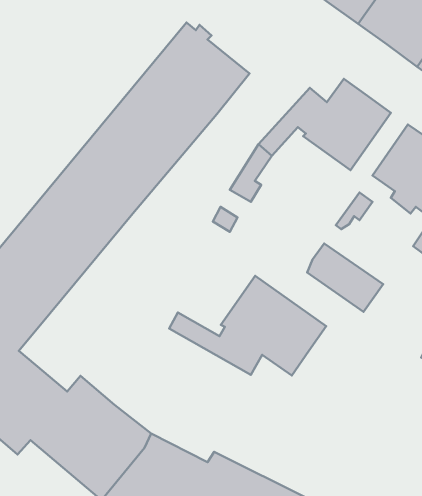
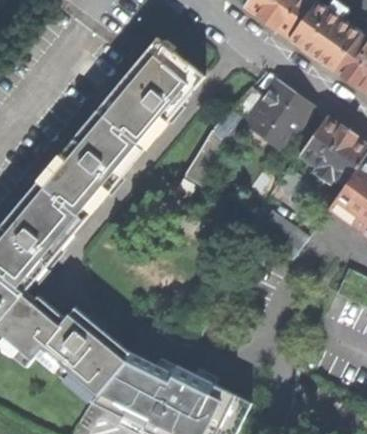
building: [169,276,326,375] -> none

